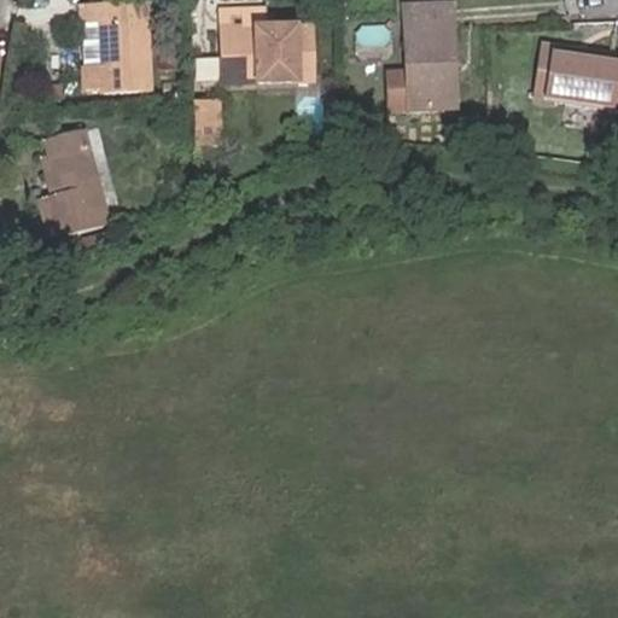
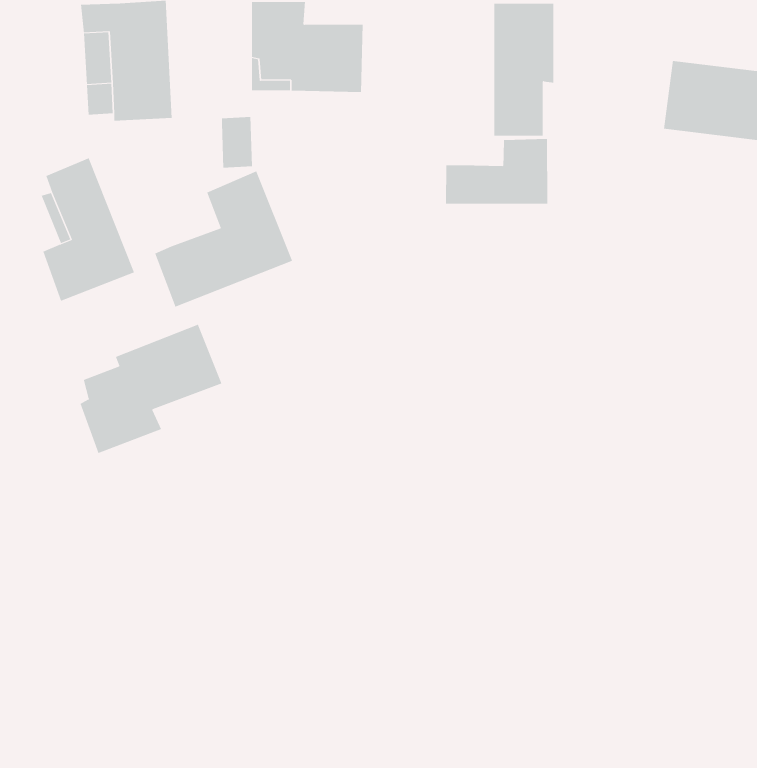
building: none -> [445,138,548,205]
building: none -> [155,171,293,308]
building: none -> [80,324,222,454]

